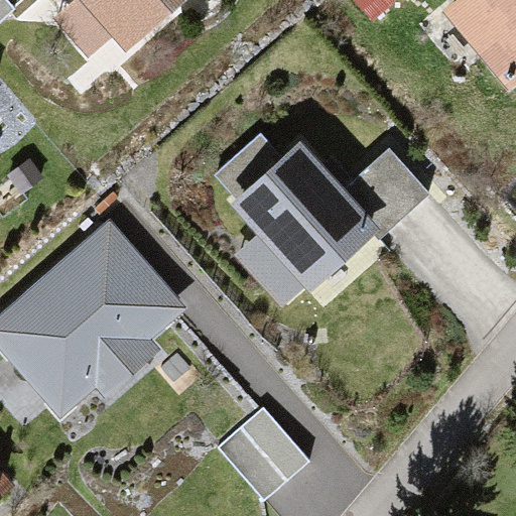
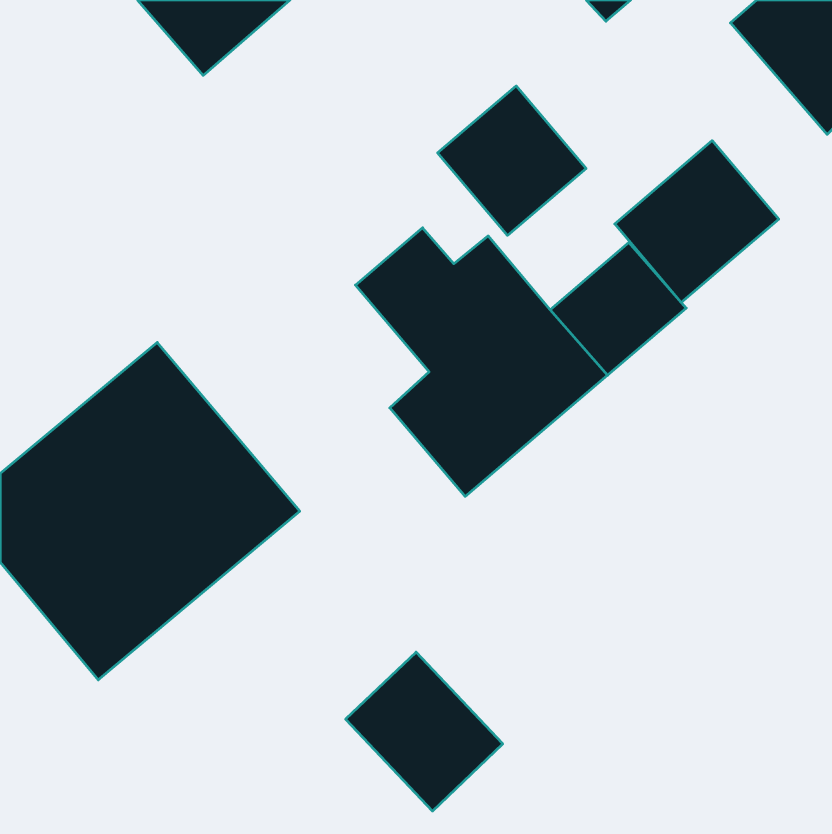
building: none -> [438,86,586,235]
building: none -> [615,141,779,302]

